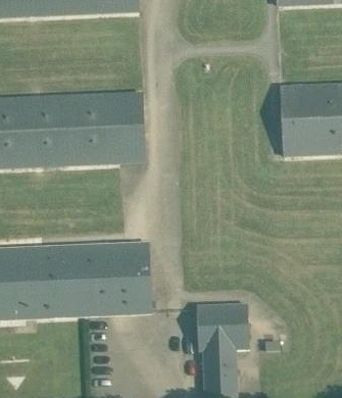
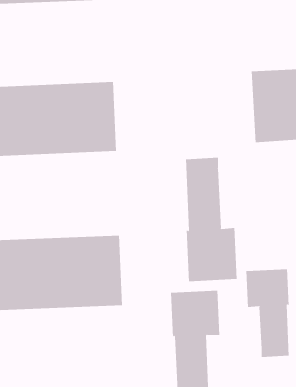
building: none -> [185,157,237,282]
building: none -> [246,268,289,358]

